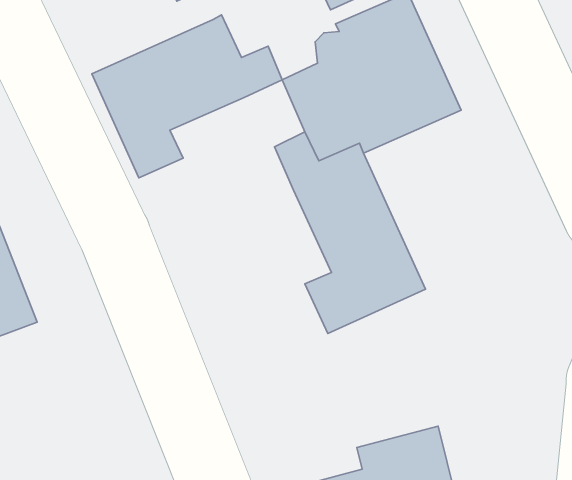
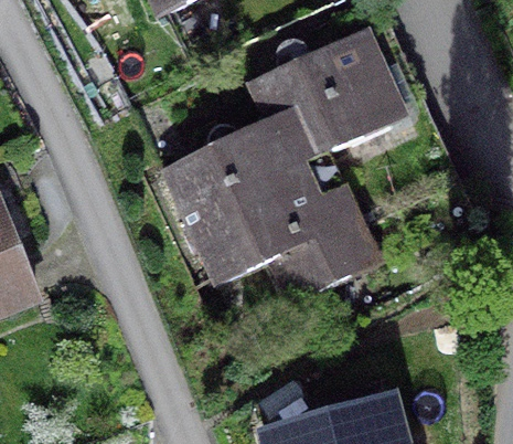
building: [92,15,282,178] -> none
building: none -> [163,128,292,287]

